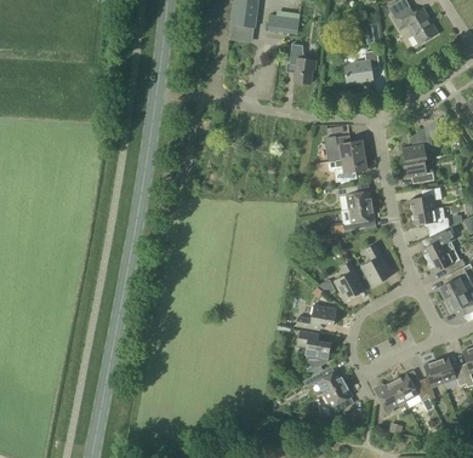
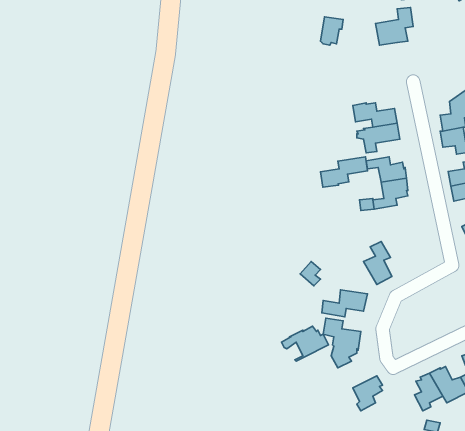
building: none -> [321,157,368,187]
building: [360,242,389,286] -> none
building: [303,365,346,396] -> [281,326,329,361]

